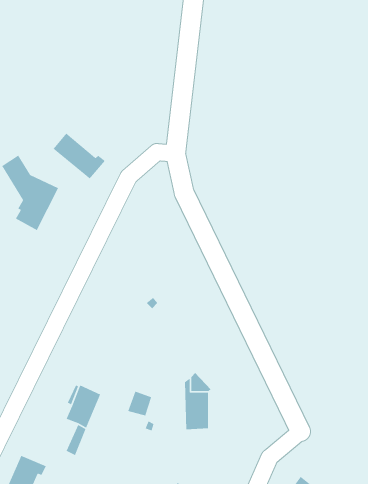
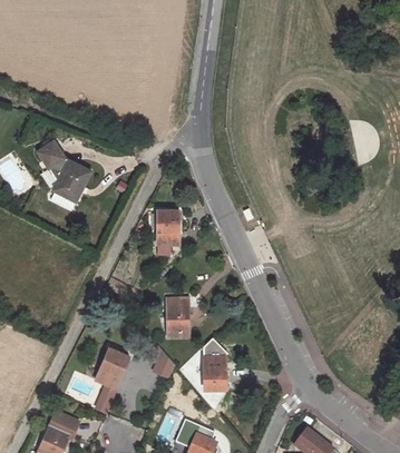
building: [52,132,106,180] -> none
building: none -> [156,209,179,243]
building: none -> [167,298,188,336]

